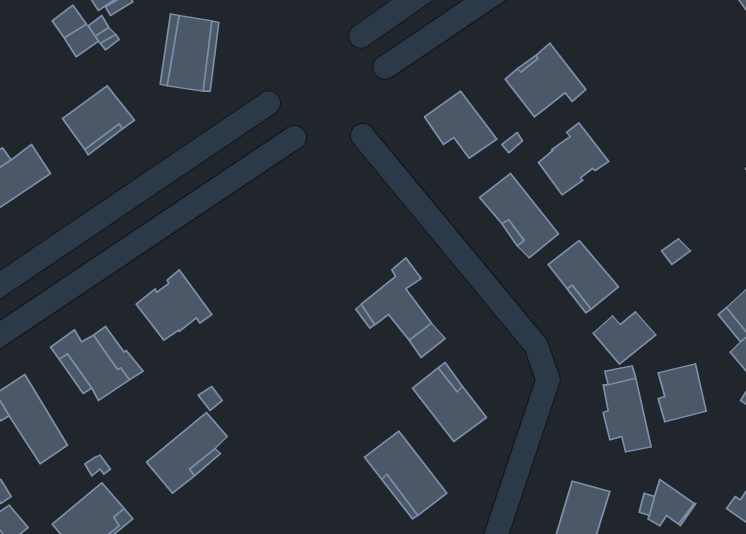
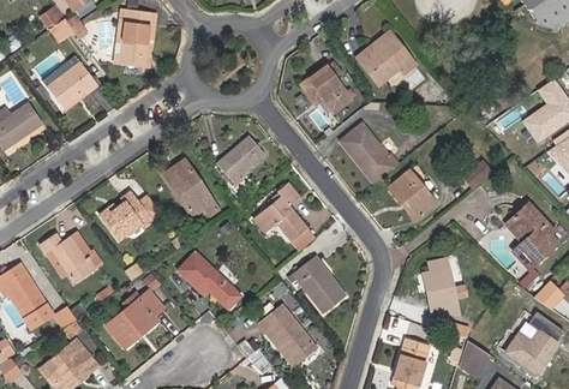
building: [538,123,609,195] -> none
building: none -> [217,136,263,185]
building: none -> [163,160,218,216]
building: [593,312,656,364] -> none
building: none -> [178,252,240,307]
building: [658,364,706,422] -> none

